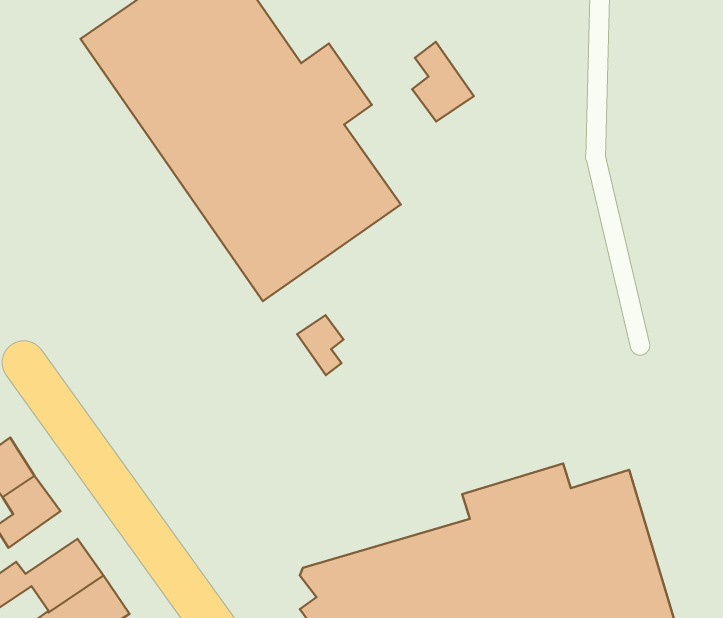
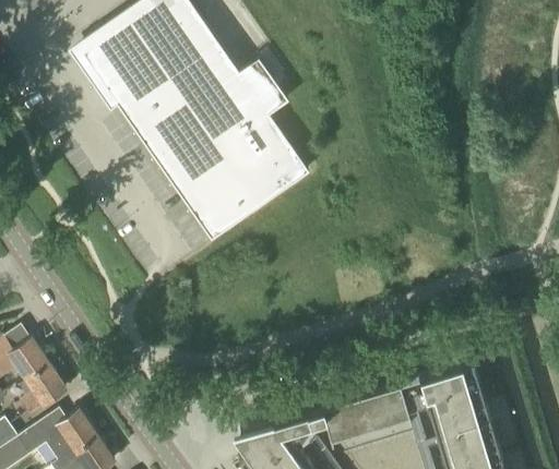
building: [412,42,474,121] -> none
building: [297,315,344,375] -> none

